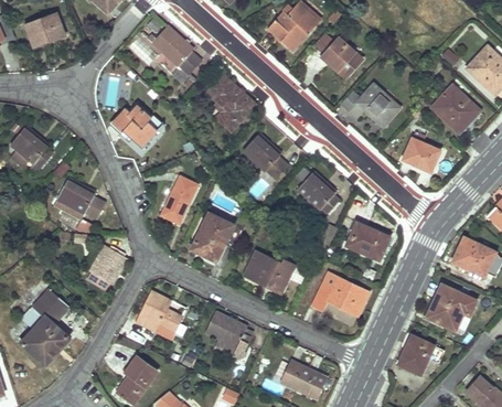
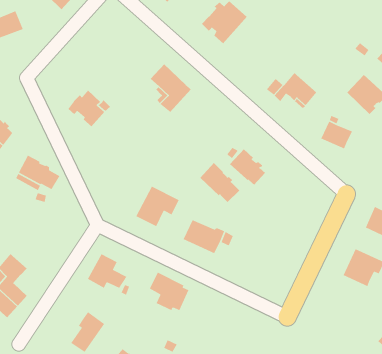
building: [152,24,201,81] -> none
building: [312,33,361,77] -> none
building: [243,132,289,179] -> [199,162,240,203]
building: [161,175,197,223] -> none
building: [345,221,391,260] -> none
building: [89,247,127,288] -> none
building: [313,271,369,314] -> none
building: [398,335,444,373] -> none
building: [284,360,328,398] -> none

